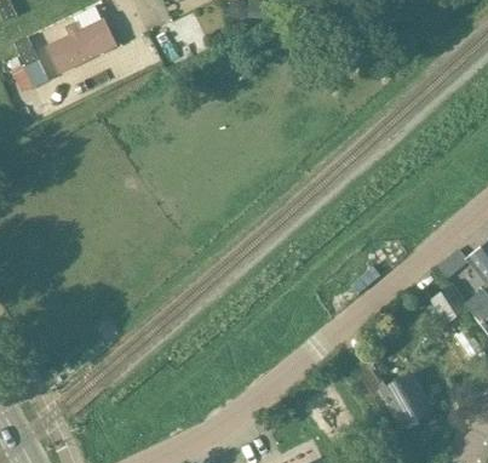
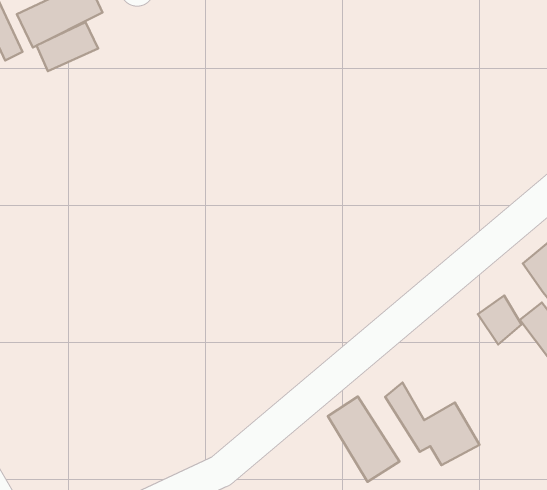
building: none -> [36,22,98,71]
building: none -> [328,396,400,482]

